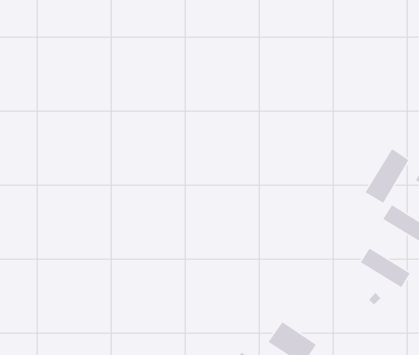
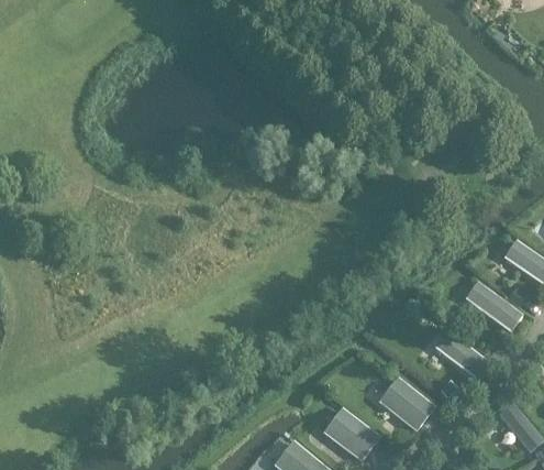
building: [365,148,410,204] -> none
building: none -> [380,380,434,431]

